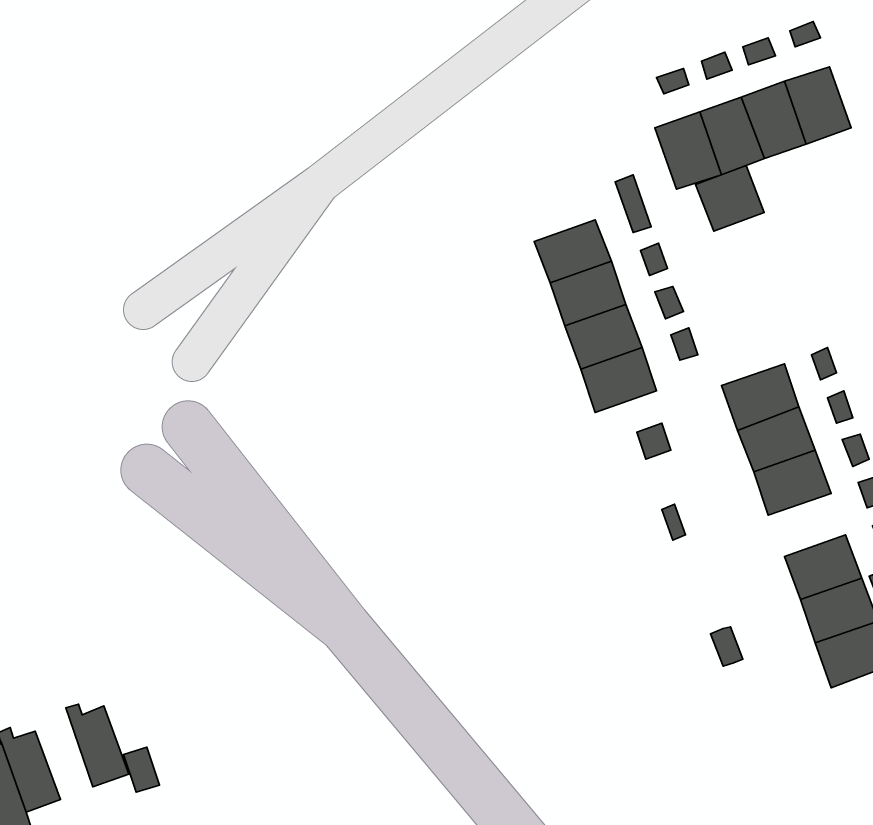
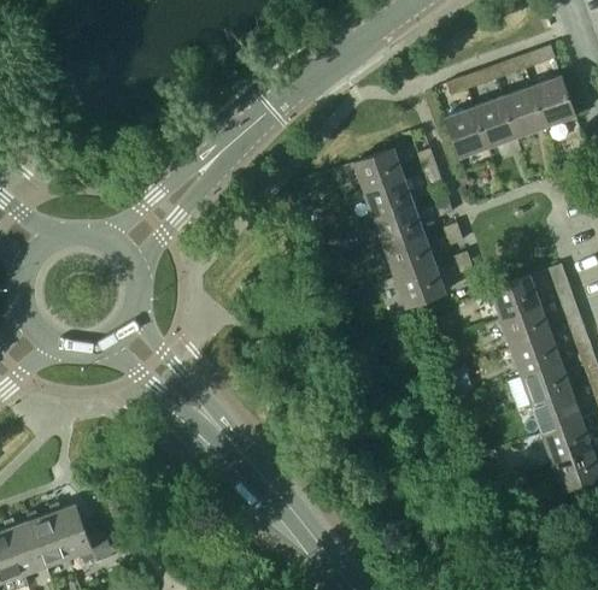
building: [696,165,764,231] -> none
building: none -> [352,148,404,193]
building: none -> [520,361,571,403]
building: none -> [27,511,68,566]

